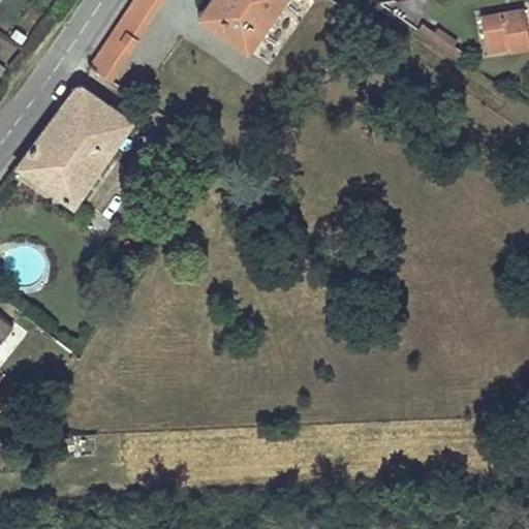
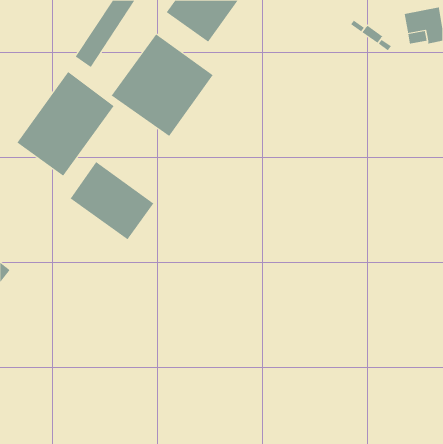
building: none -> [111,33,214,137]
building: none -> [70,161,154,240]

